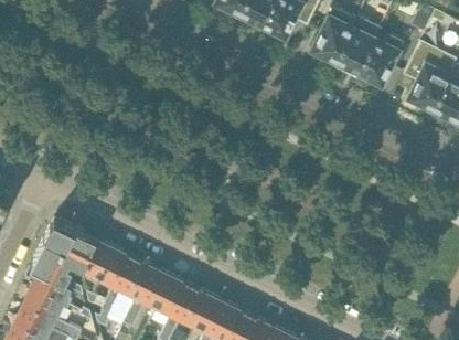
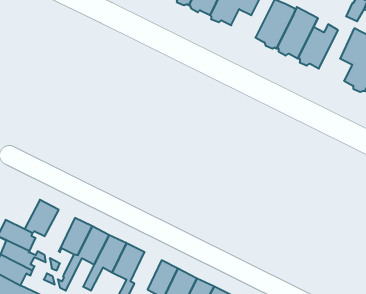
building: [38,221,75,261] -> none
building: [81,240,114,285] -> none
building: [174,286,209,327] -> none

